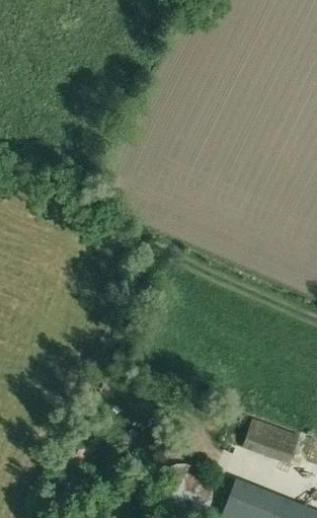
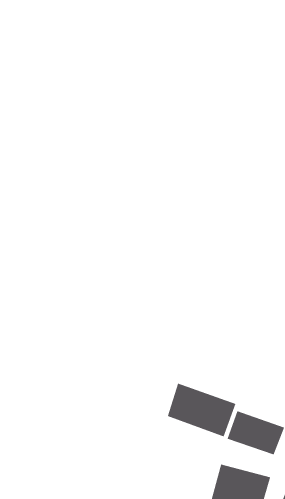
building: none -> [167,383,236,438]

